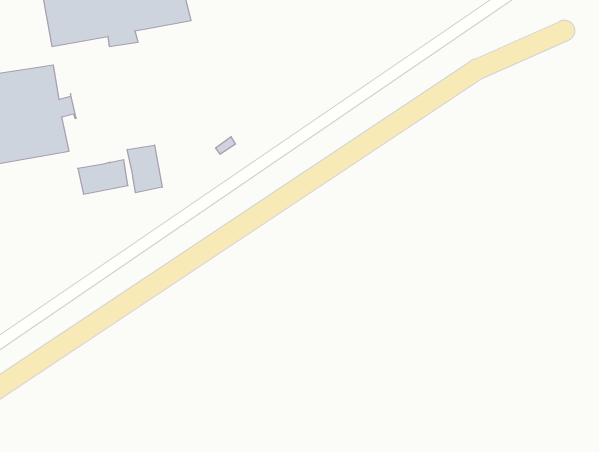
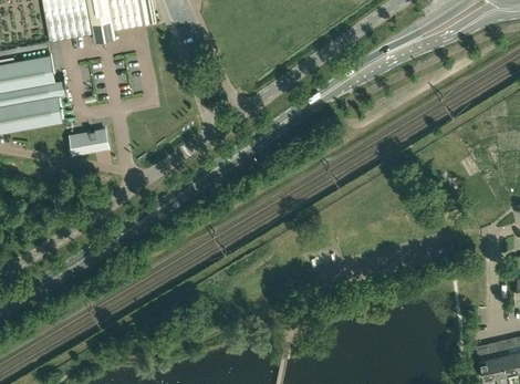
building: [127,145,162,193] -> none

